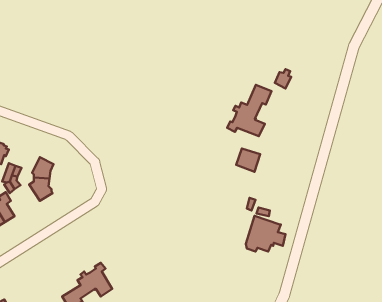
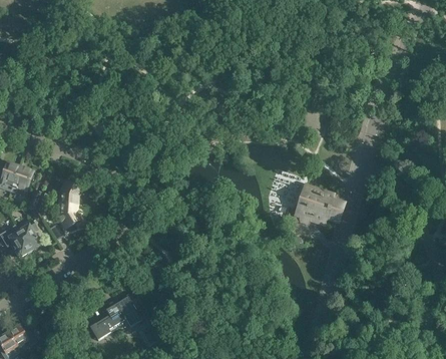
building: [227,85,272,136] -> none
building: [246,216,286,252] -> [298,187,339,224]

